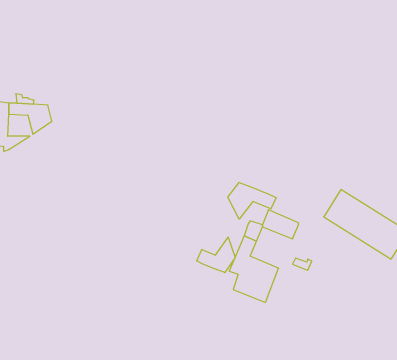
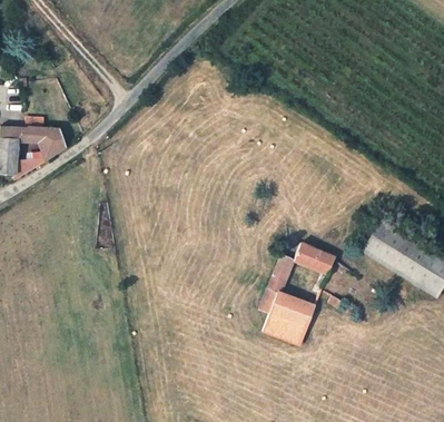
building: [228,182,276,219] -> none
building: [197,237,235,273] -> none

